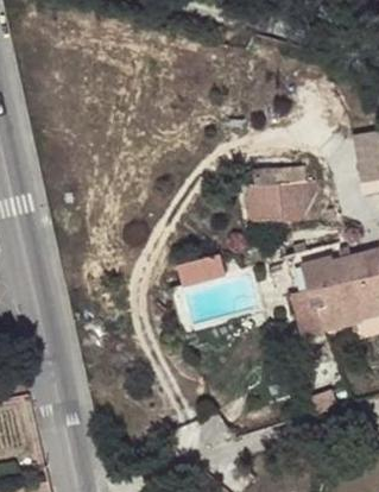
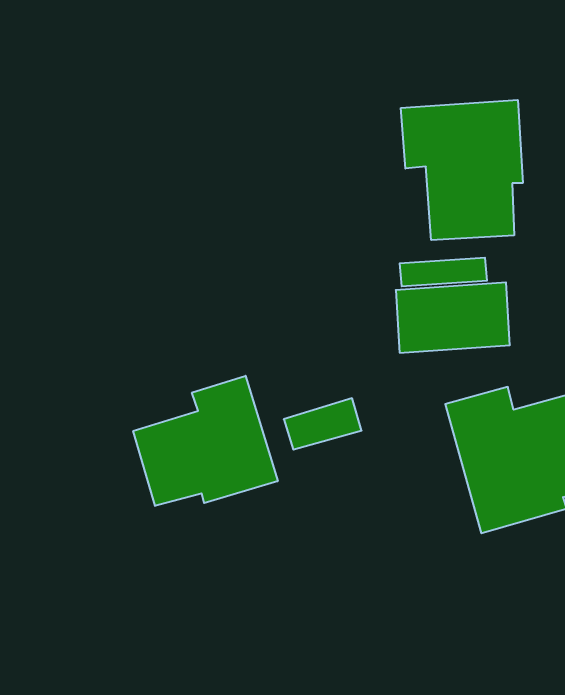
building: none -> [401,100,523,240]
building: none -> [133,376,278,506]

